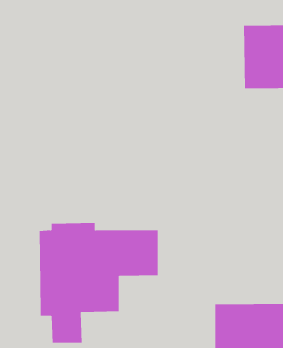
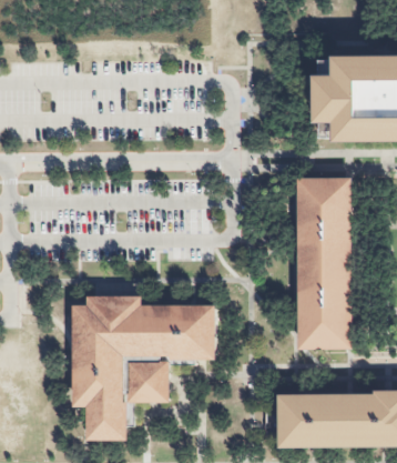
building: none -> [298,178,353,350]

